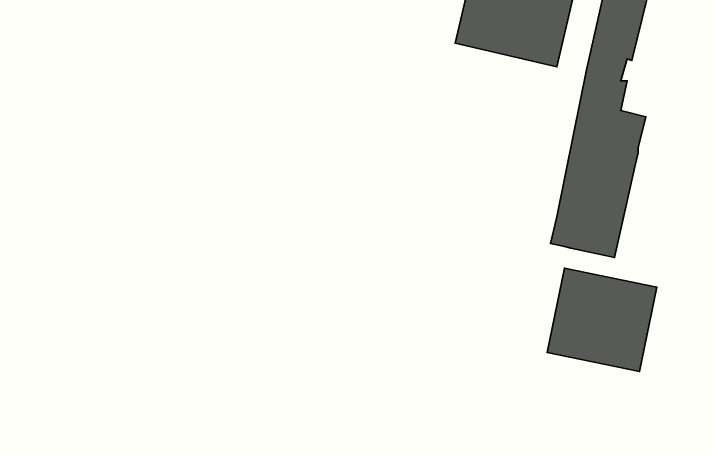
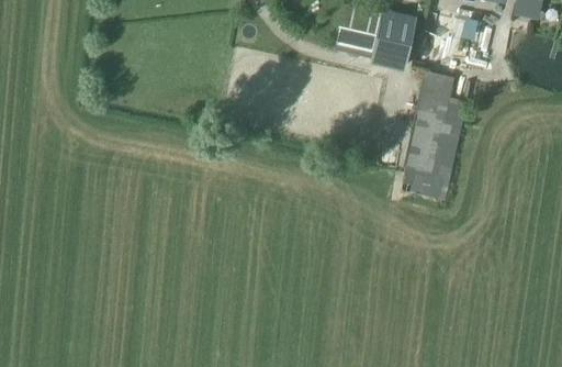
building: [547,268,657,372] -> none

